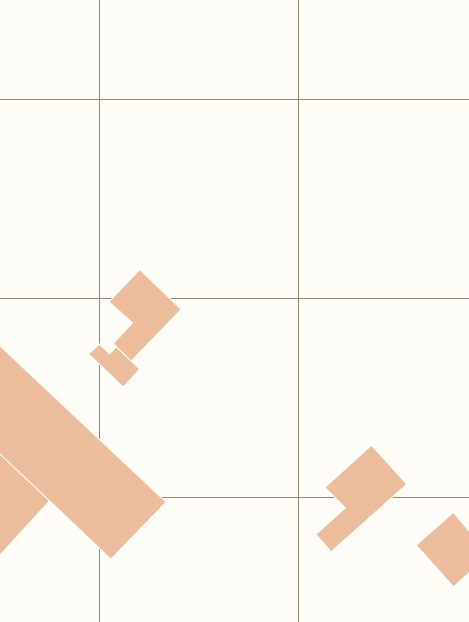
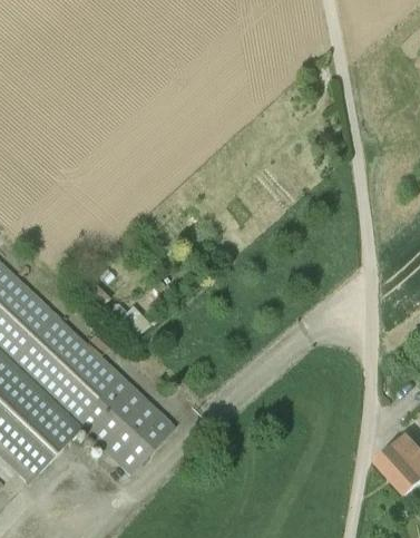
building: [109,269,181,361] -> none
building: [316,445,407,552] -> none

